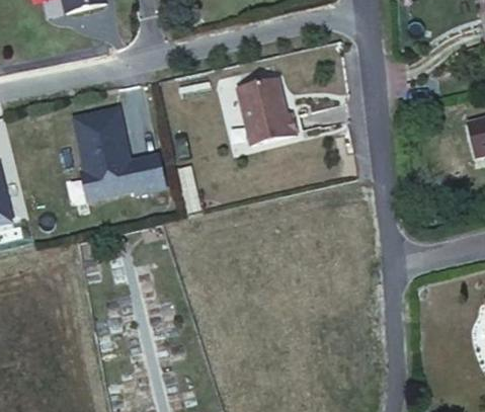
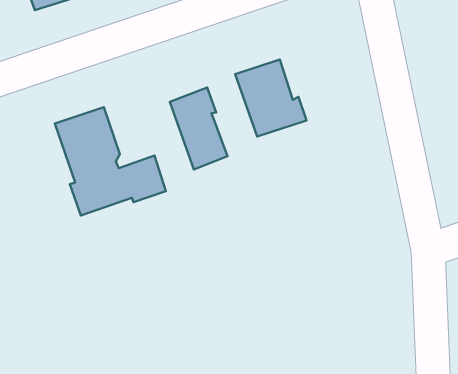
building: none -> [170,87,227,169]

